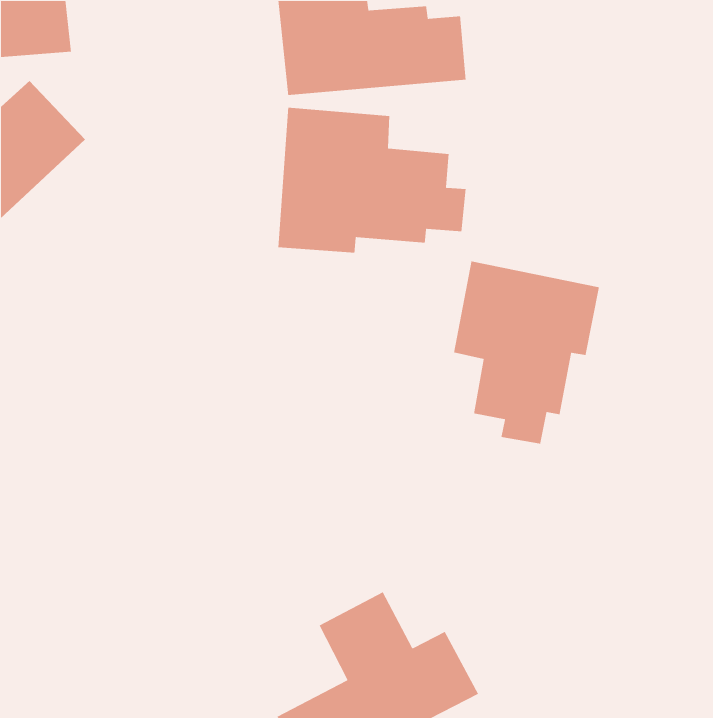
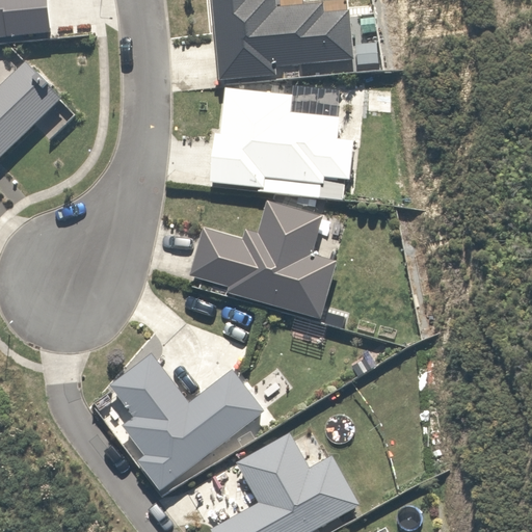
building: [453,261,600,444] -> none
building: none -> [182,205,332,312]
building: none -> [116,355,263,484]

